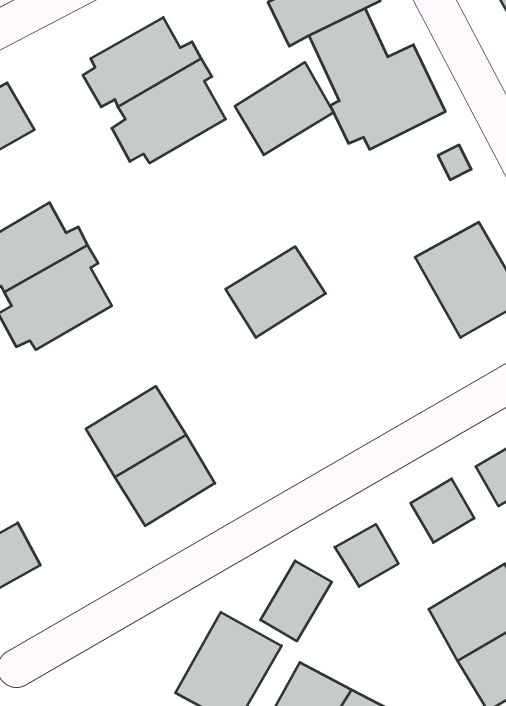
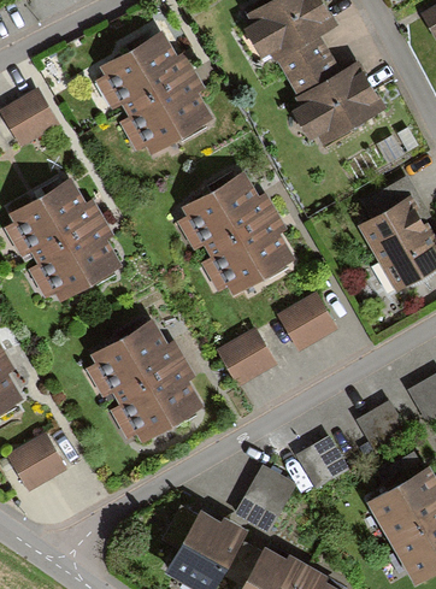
building: [235,62,334,155] -> [185,177,264,251]
building: none -> [278,293,334,347]
building: none -> [217,325,272,379]

